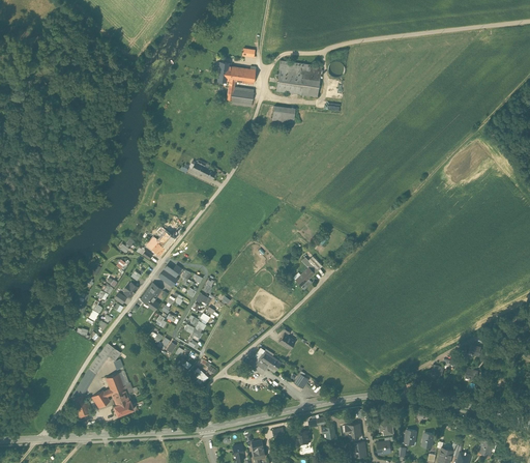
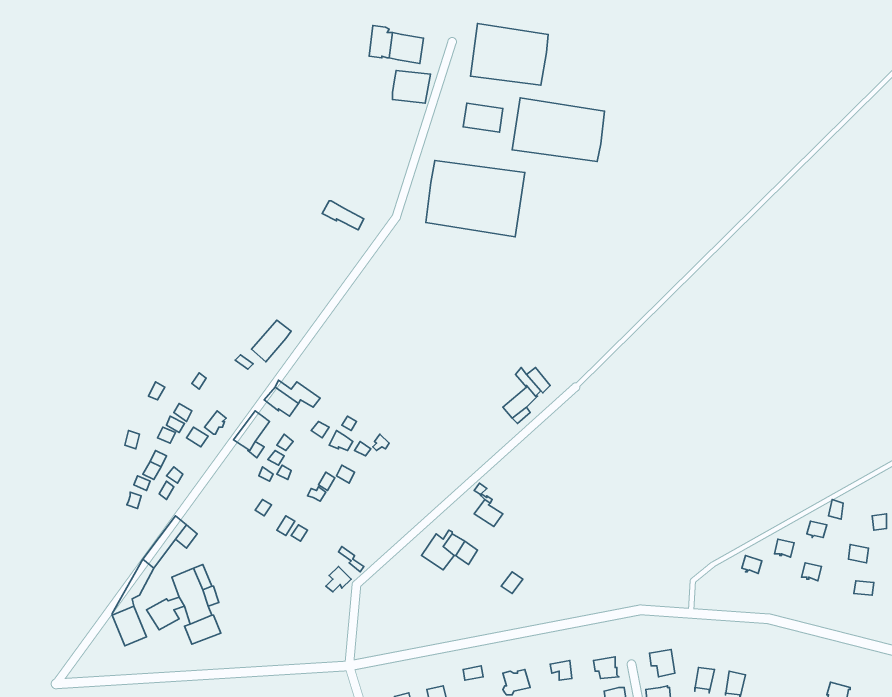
building: none -> [512,98,605,161]
building: none -> [426,160,525,237]

